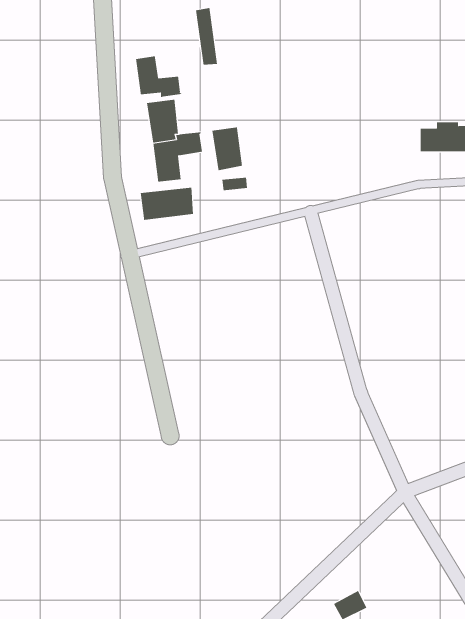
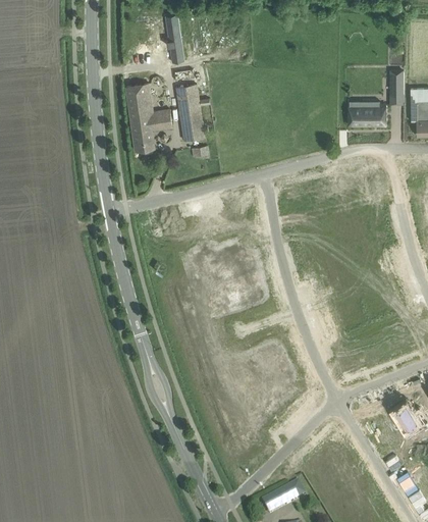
building: [136,55,182,98] -> none
building: none -> [175,85,200,109]
building: [140,187,193,221] -> none

